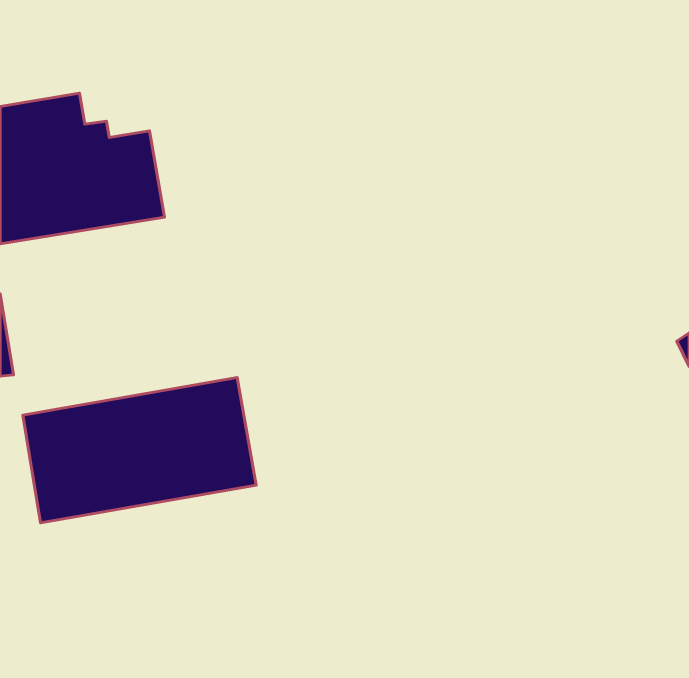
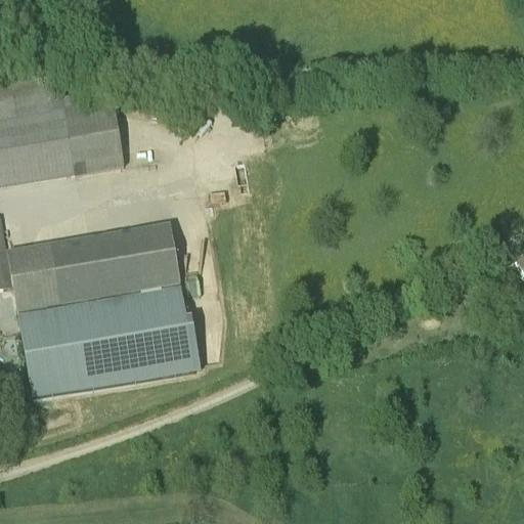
building: none -> [7,223,180,311]

